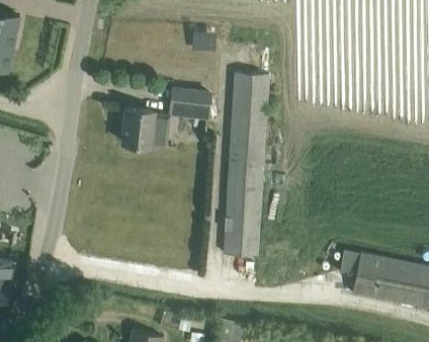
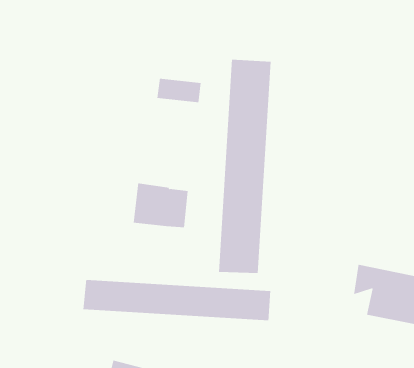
building: [121,109,169,148] -> [133,183,189,228]
building: none -> [83,279,271,321]

